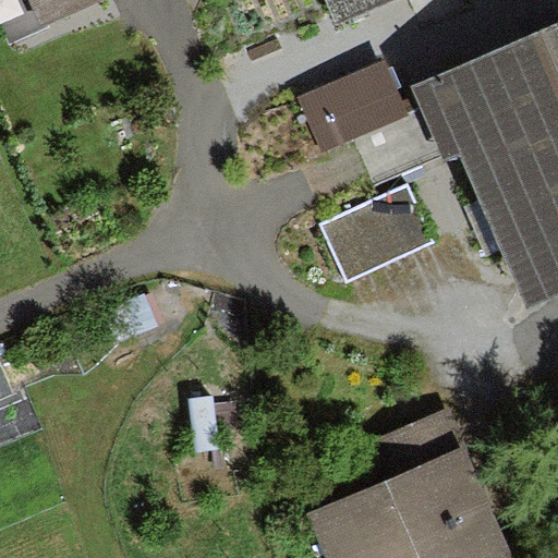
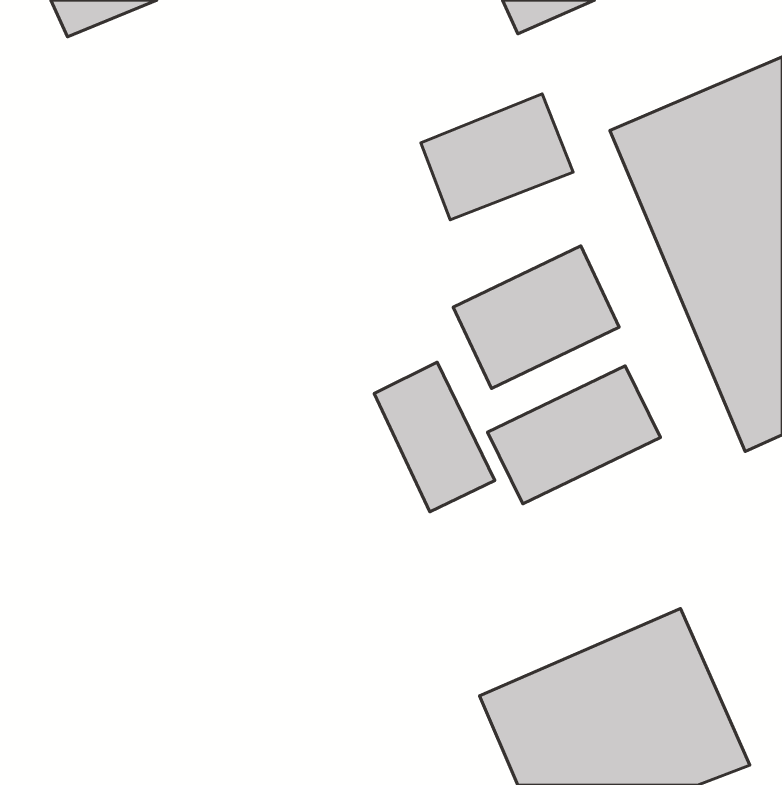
building: none -> [374,362,495,512]
building: none -> [487,366,660,504]

